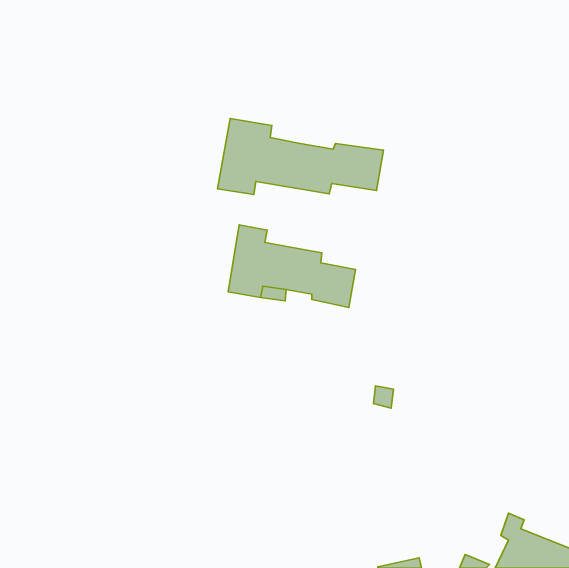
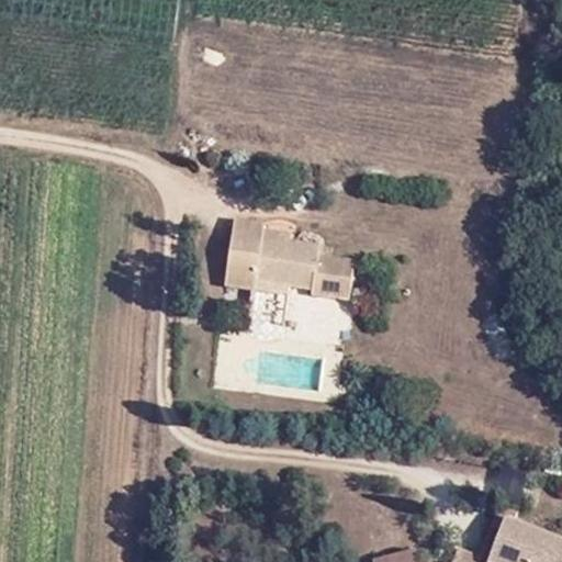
building: [218,118,383,194] -> none

